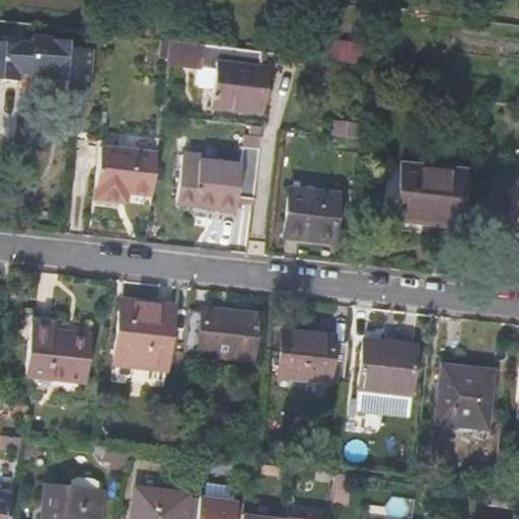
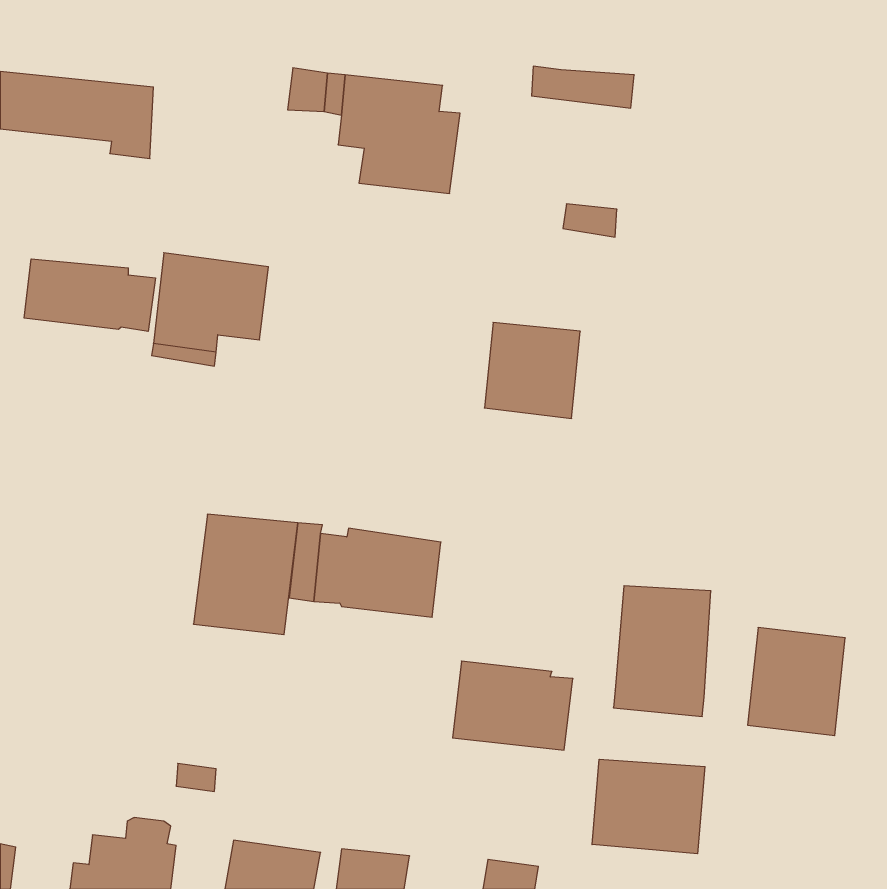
building: [177,133,262,211] -> none
building: none -> [24,259,155,331]
building: [383,163,469,234] -> none
building: [24,321,90,382] -> none
building: [278,331,348,383] -> [453,661,573,750]
building: none -> [592,759,705,854]

